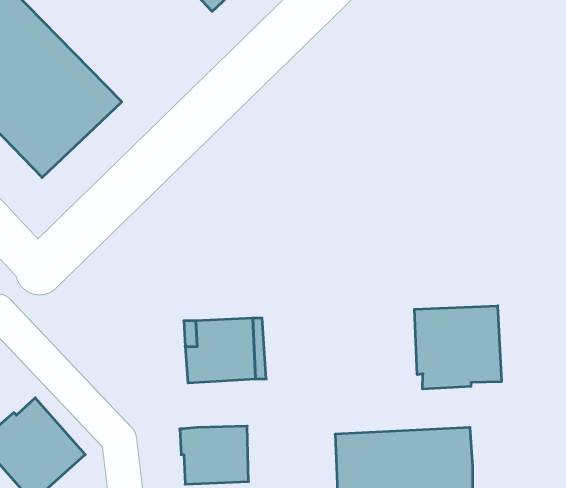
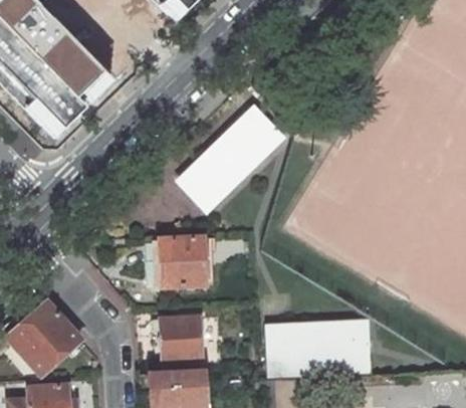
building: none -> [171,100,285,214]
building: [414,306,501,389] -> none

